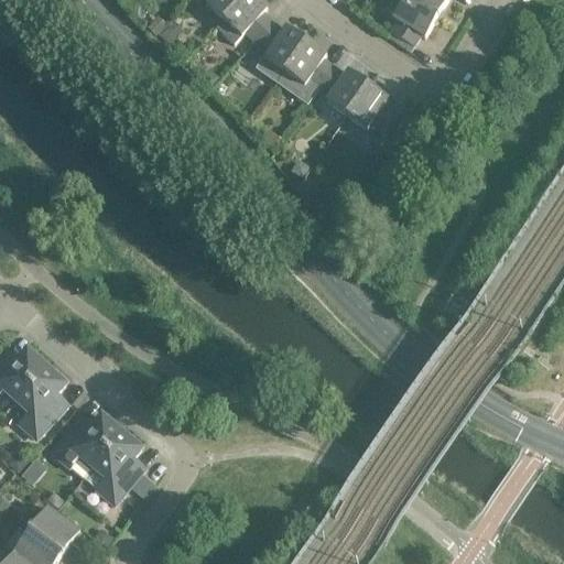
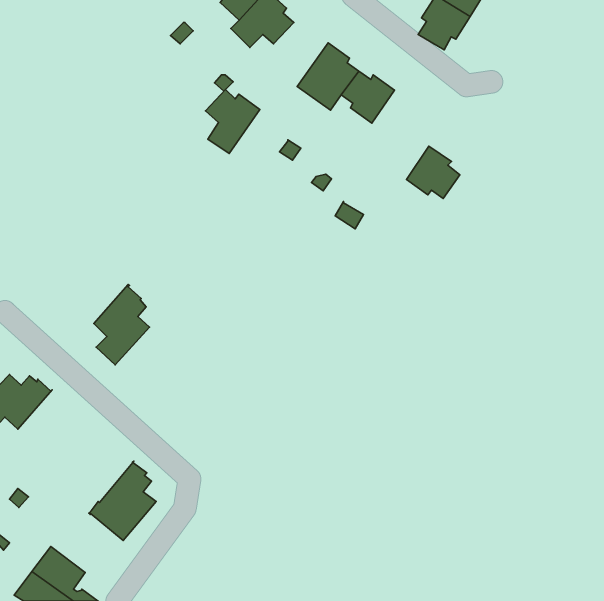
building: [254,21,305,80] -> [206,89,260,153]
building: [346,84,395,132] -> [406,146,460,198]
building: [17,362,68,437] -> [94,284,150,365]
building: [53,414,124,475] -> none

